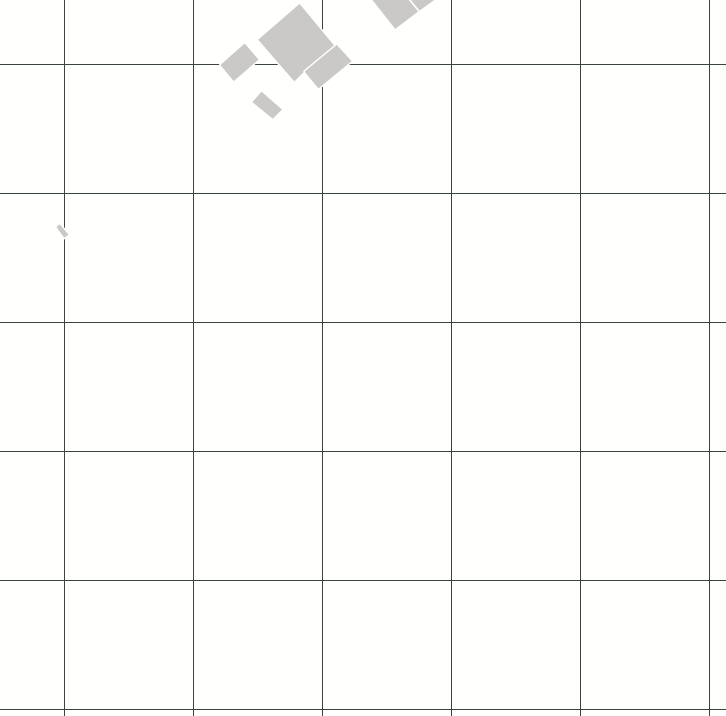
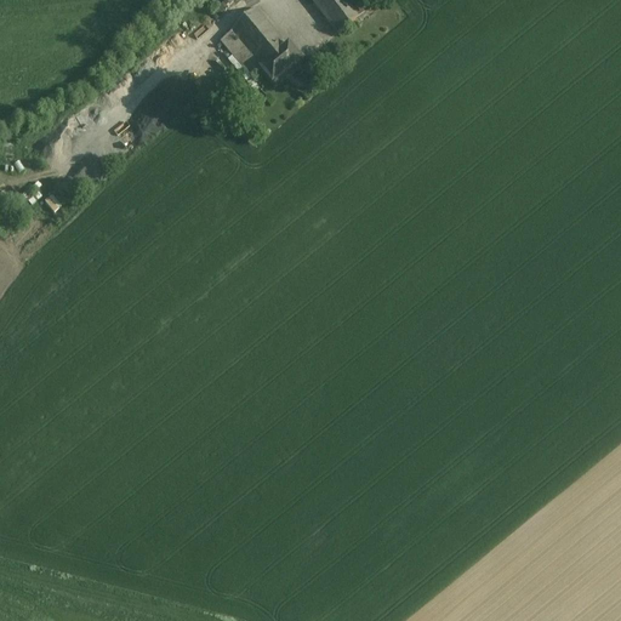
building: [220,43,259,82] -> none

